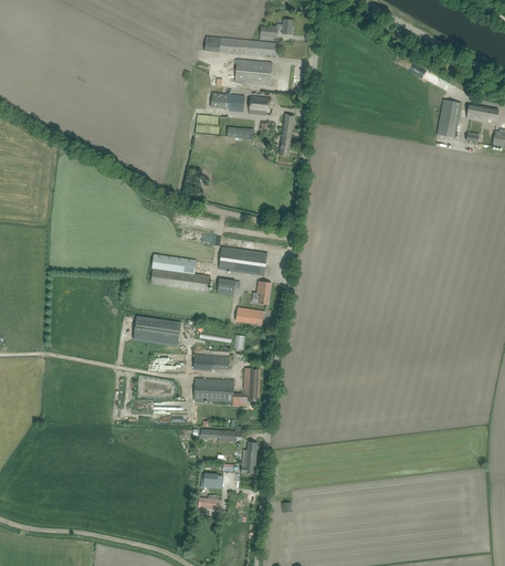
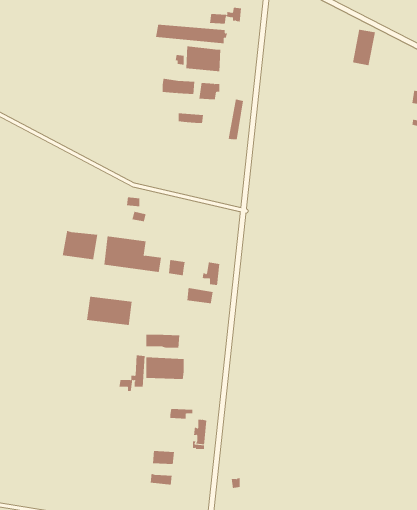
building: [436,99,461,137] -> [352,29,376,66]
building: [218,245,266,274] -> none
building: none -> [62,230,98,260]
building: [232,367,260,405] -> [119,355,146,392]

